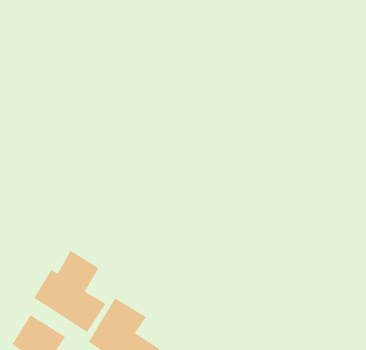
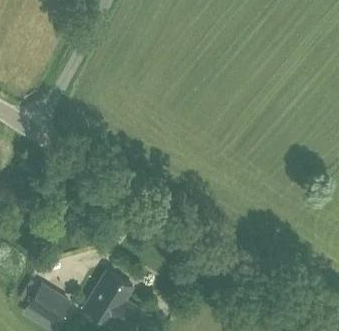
building: [33,250,106,333] -> none

